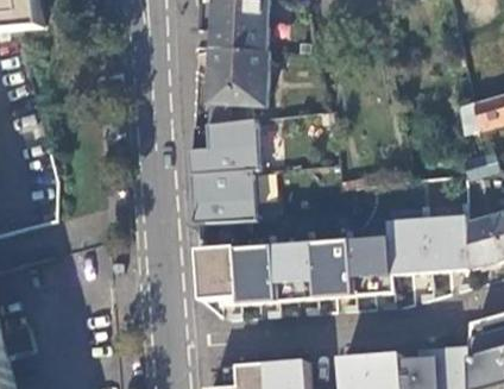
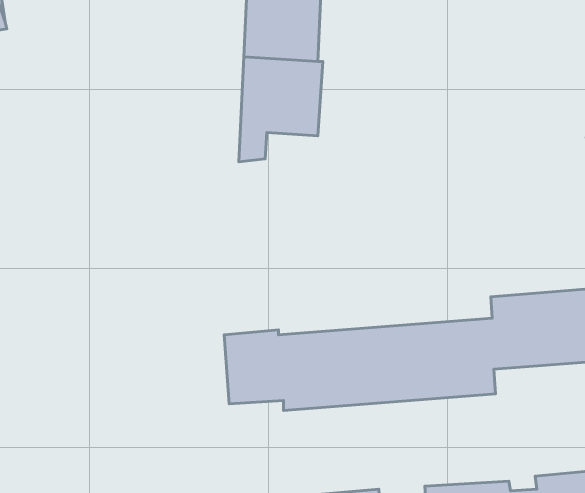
building: [189,119,258,224] -> none

